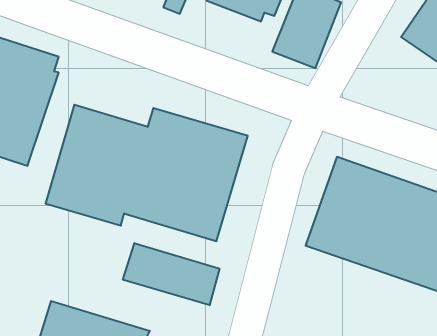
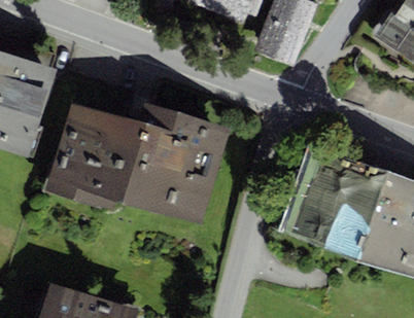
building: [123,243,219,305] -> none

